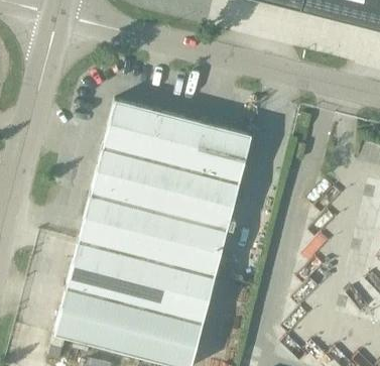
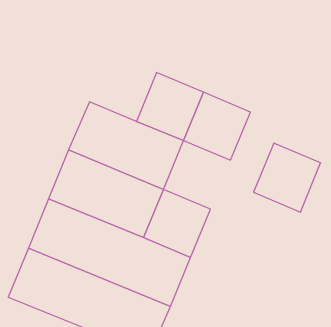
building: [103,99,160,158] -> none
building: [181,169,239,229] -> [254,143,321,212]

